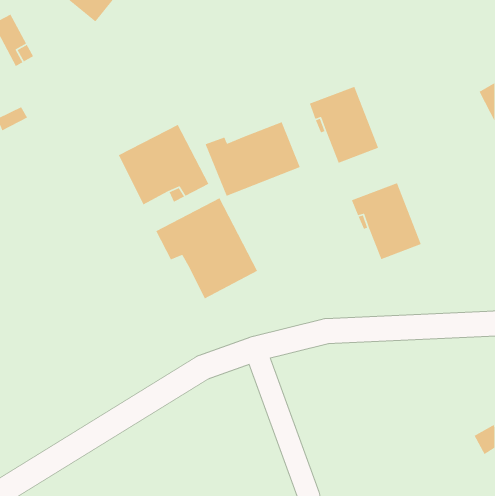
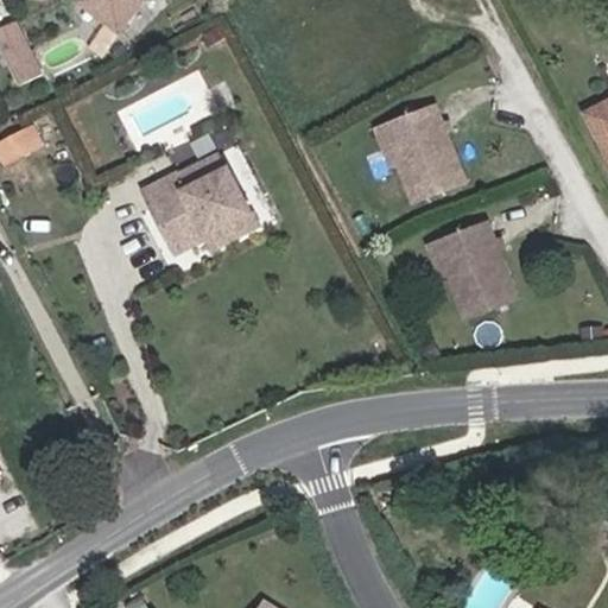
building: [205,121,301,197] -> none
building: [155,197,258,300] -> none

